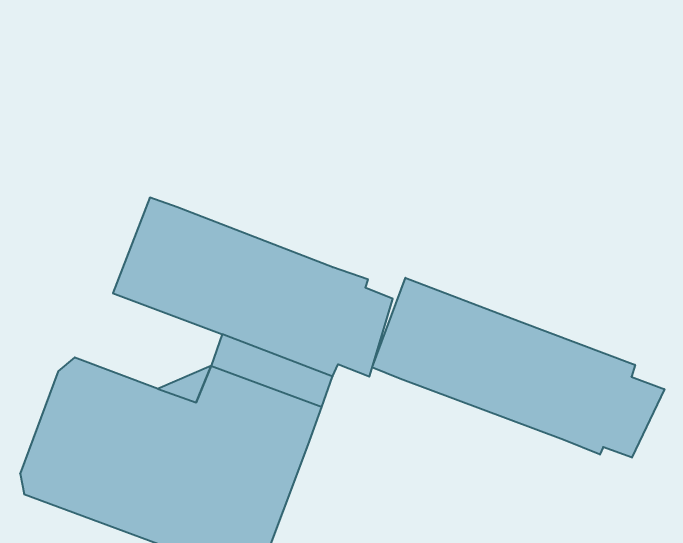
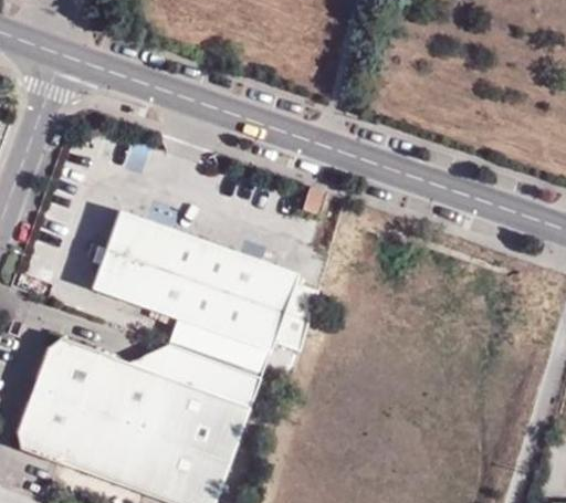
building: [372,278,664,458] -> none

